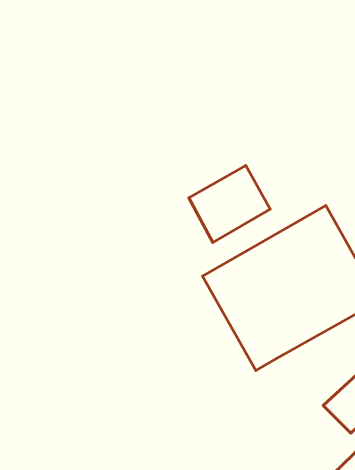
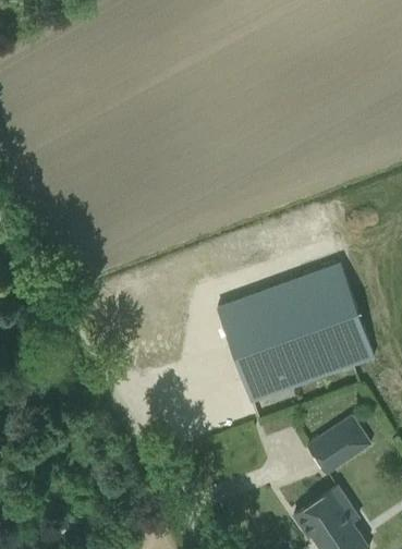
building: [189,166,270,243] -> none

